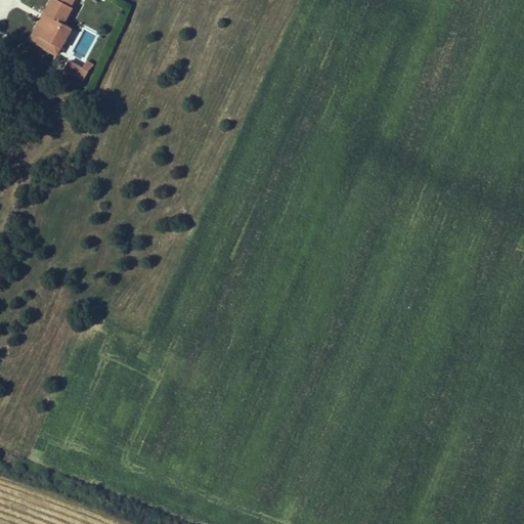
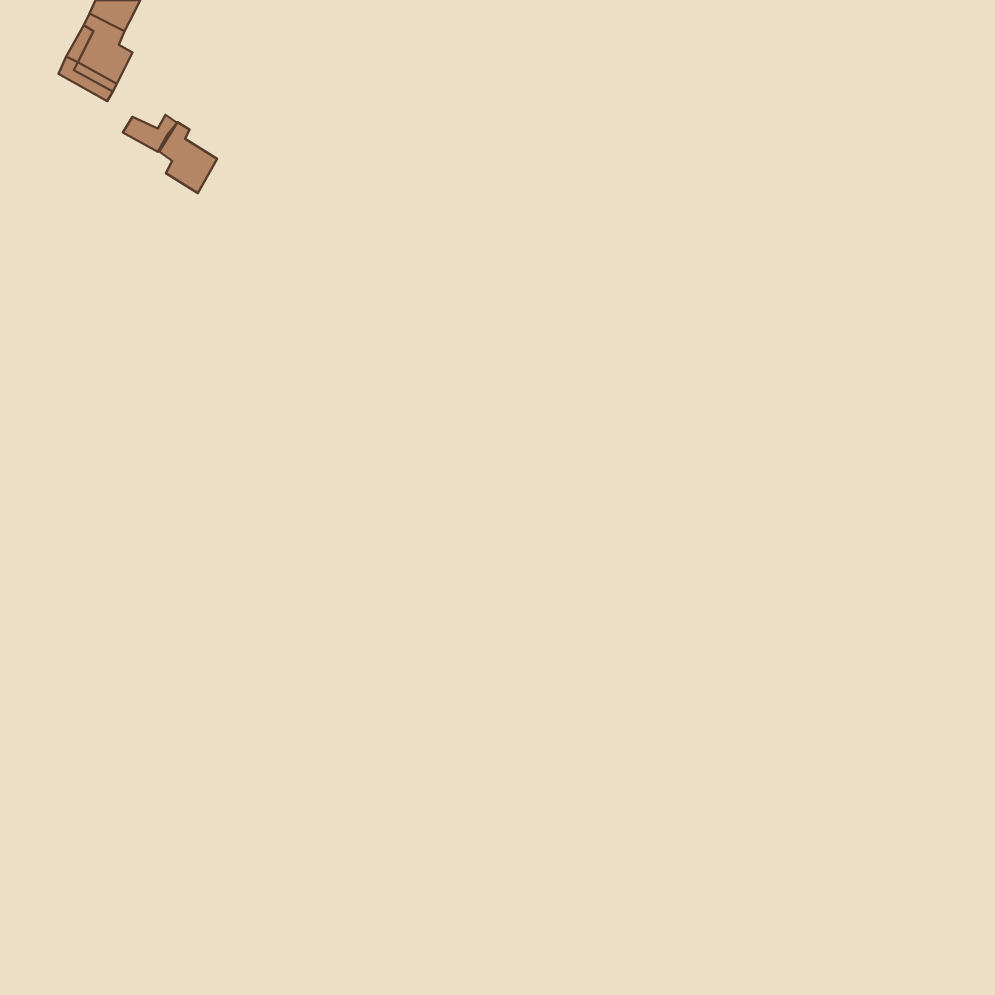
building: none -> [159,122,217,193]

